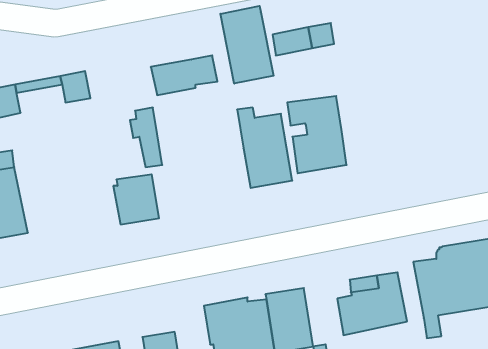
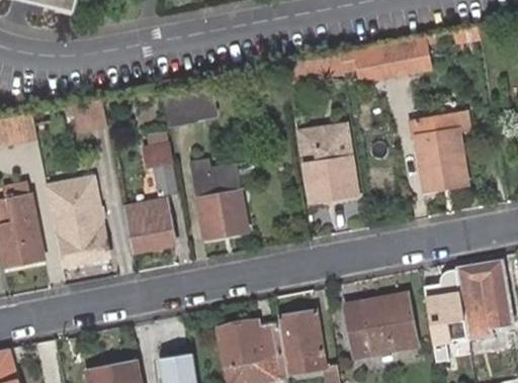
building: [220,6,274,84] -> none
building: none -> [358,42,428,74]
building: none -> [416,113,467,189]
building: [237,108,292,188] -> [194,160,248,237]
building: none -> [50,178,109,264]

